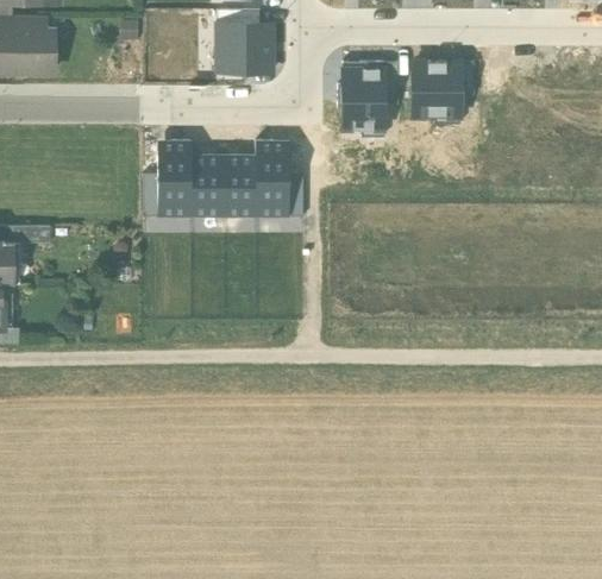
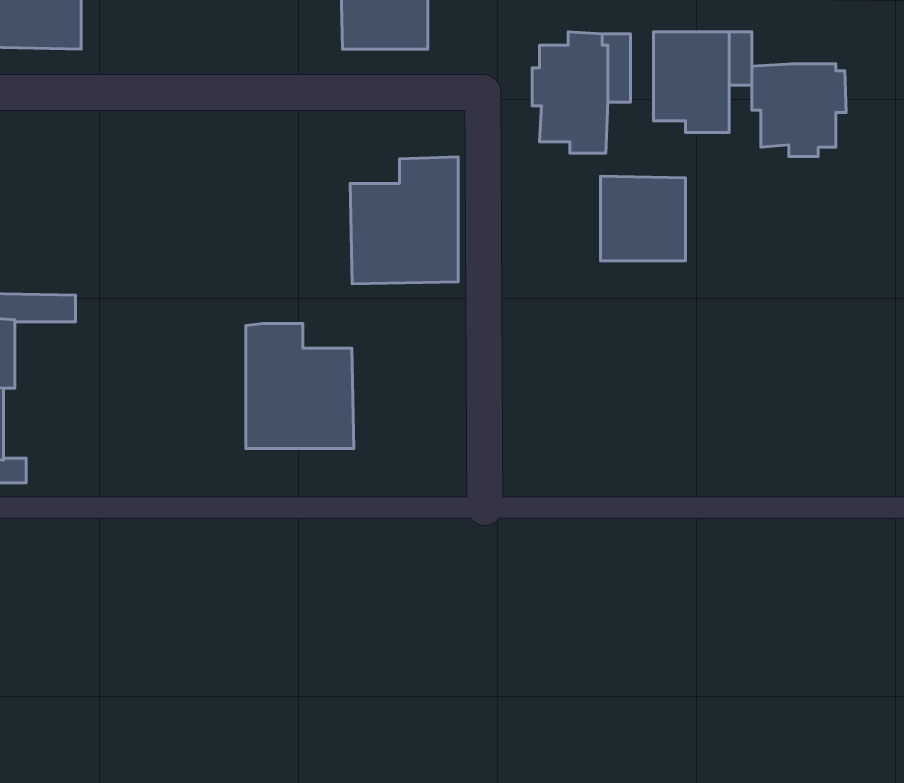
building: none -> [752,64,846,156]
building: [156,139,224,218] -> [246,324,354,449]
building: none -> [601,176,685,261]

